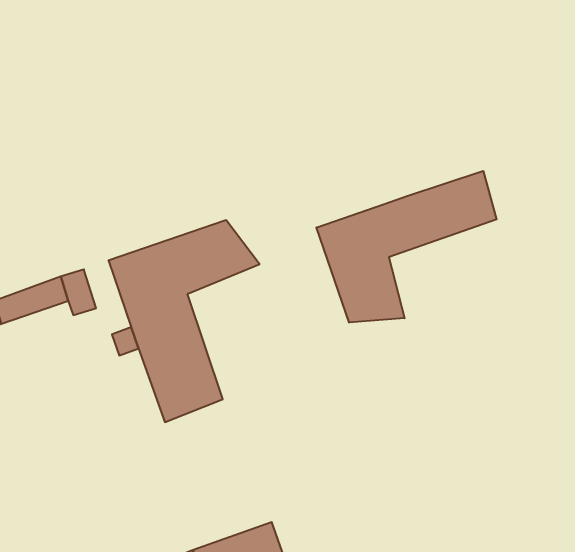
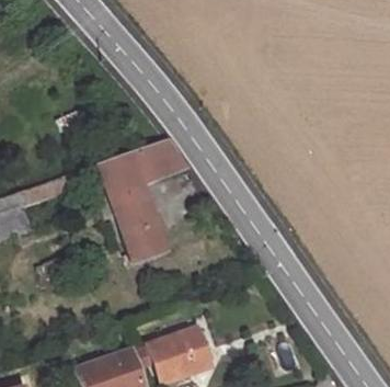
building: [316,171,497,323] -> none

